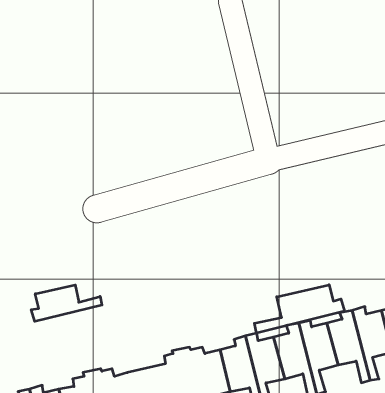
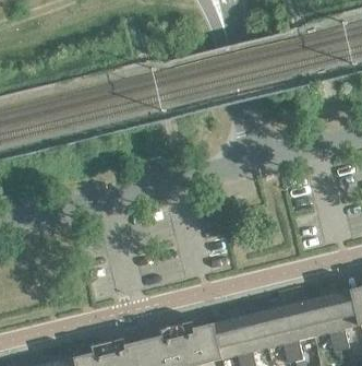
building: [254,285,344,333] -> none
building: [31,285,102,321] -> none

